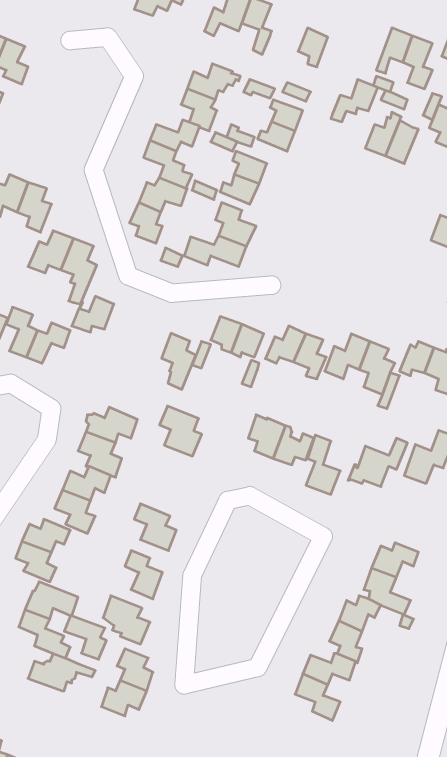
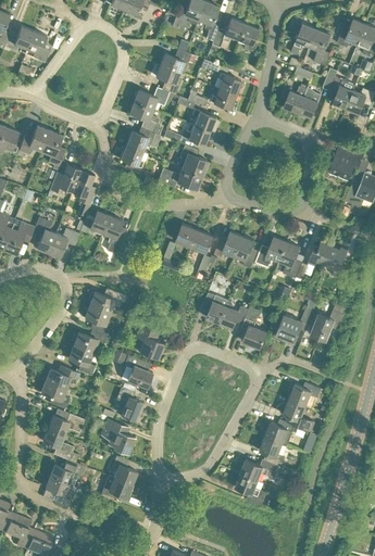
building: [331,80,378,122] -> [211,17,243,47]
building: [162,333,196,389] -> [102,215,126,254]
building: [160,406,202,456] -> [135,324,164,358]
building: [64,616,106,659] -> [45,476,74,506]

